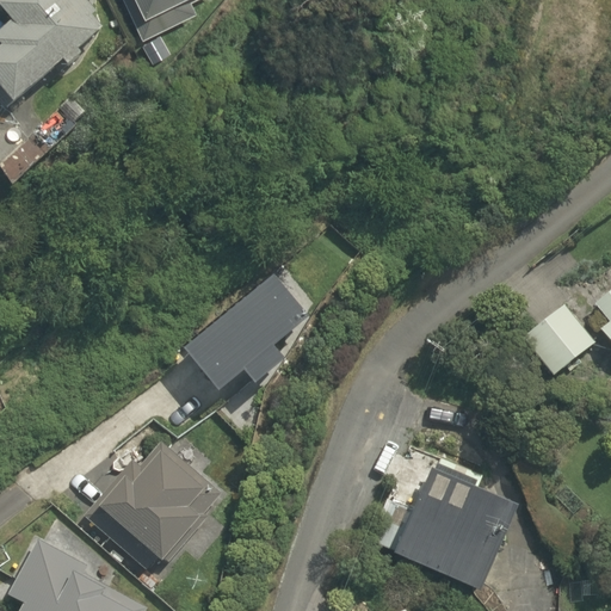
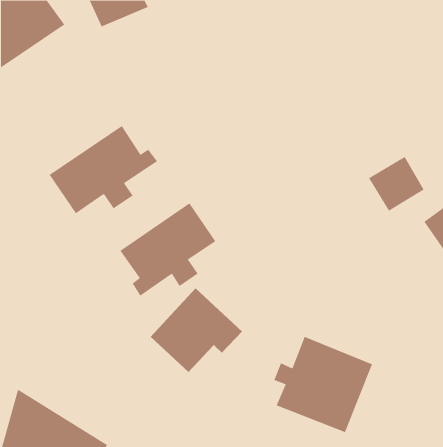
building: none -> [49,125,158,214]
building: [523,298,599,374] -> [368,156,425,212]
building: [101,445,228,561] -> [150,288,243,373]

